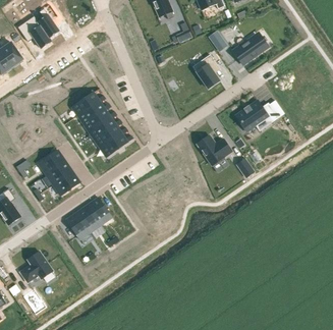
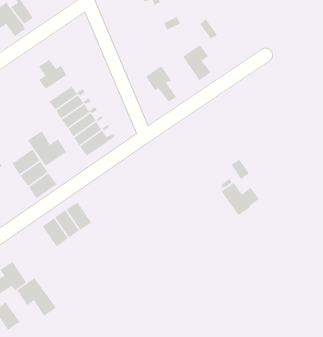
building: [233,34,265,63] -> none
building: none -> [38,59,67,90]
building: none -> [145,65,177,103]
building: [236,100,279,130] -> none
building: none -> [27,130,67,167]
building: [195,132,230,163] -> [221,182,260,216]
building: none -> [16,277,57,317]

